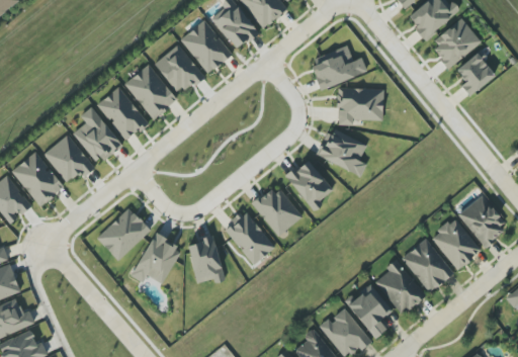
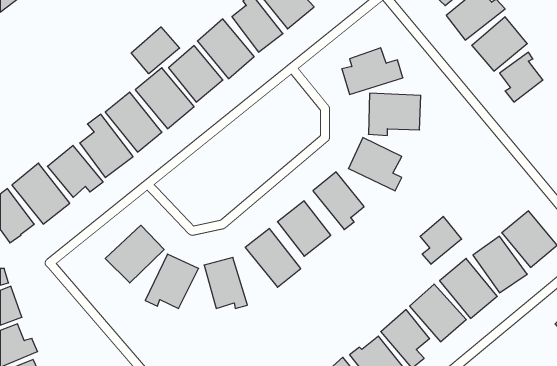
building: none -> [131,27,180,74]
building: none -> [420,216,462,264]

